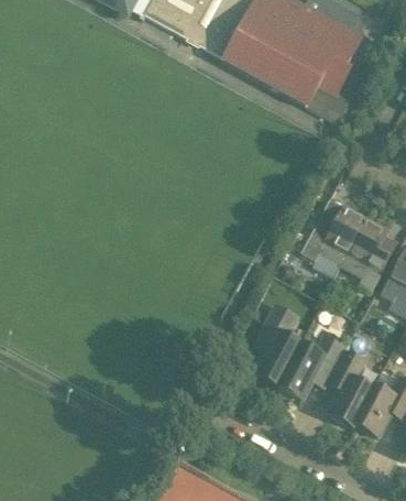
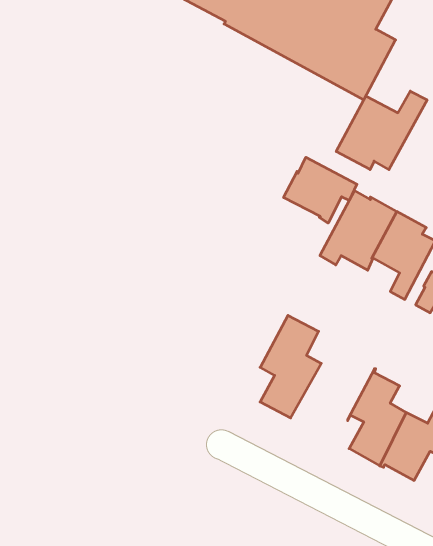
building: none -> [336,91,427,170]
building: none -> [284,157,357,223]
building: [279,333,349,401] -> none

